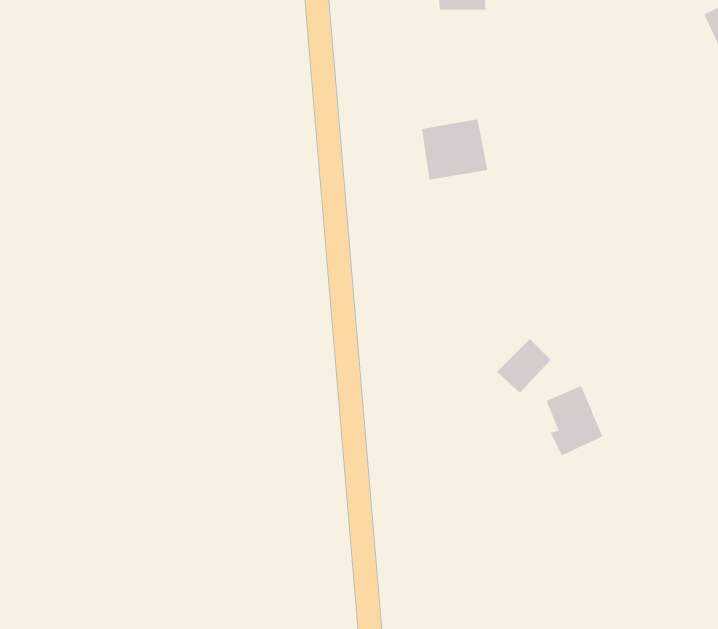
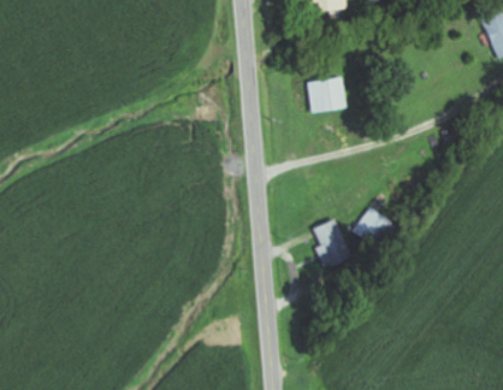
building: [546,385,603,456] -> [313,218,348,261]

